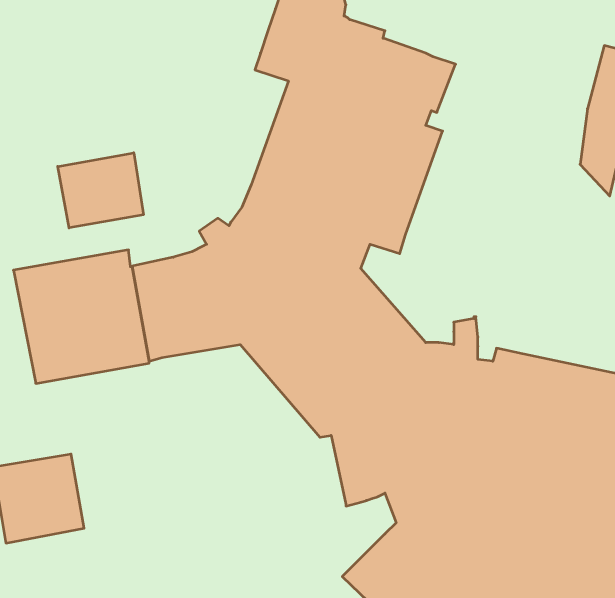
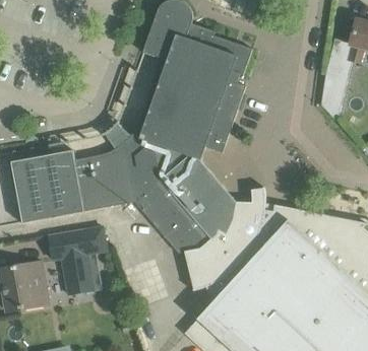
building: [58,153,143,228] -> none
building: none -> [49,227,107,295]

